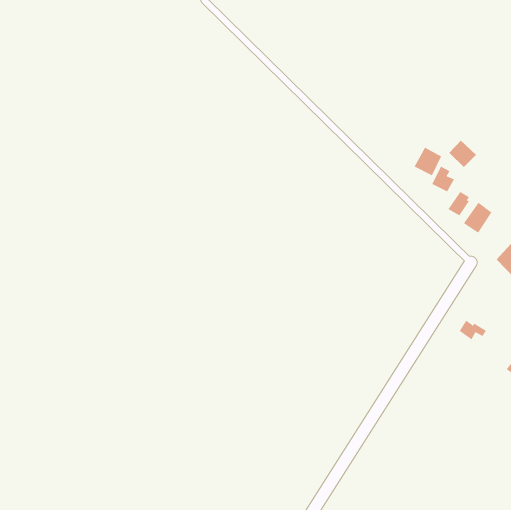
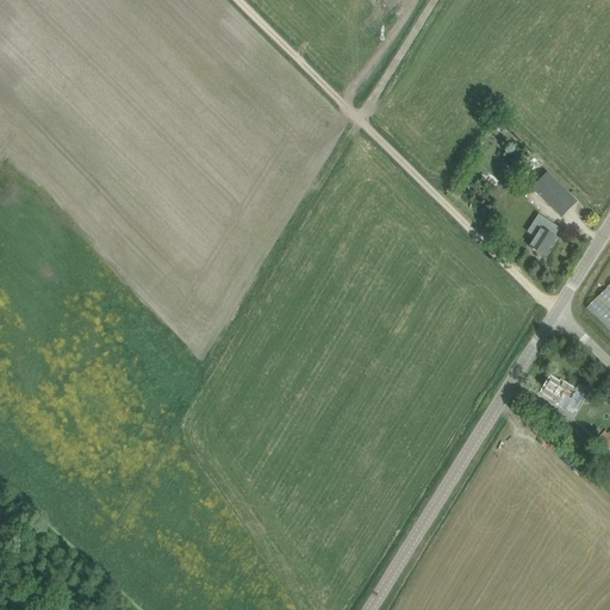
building: [414,147,442,176] -> none
building: [463,202,492,233] -> none

